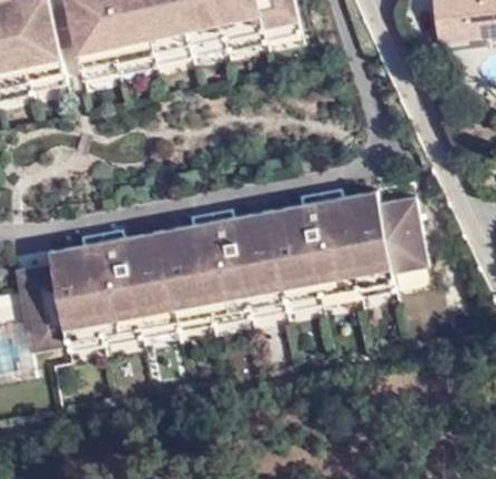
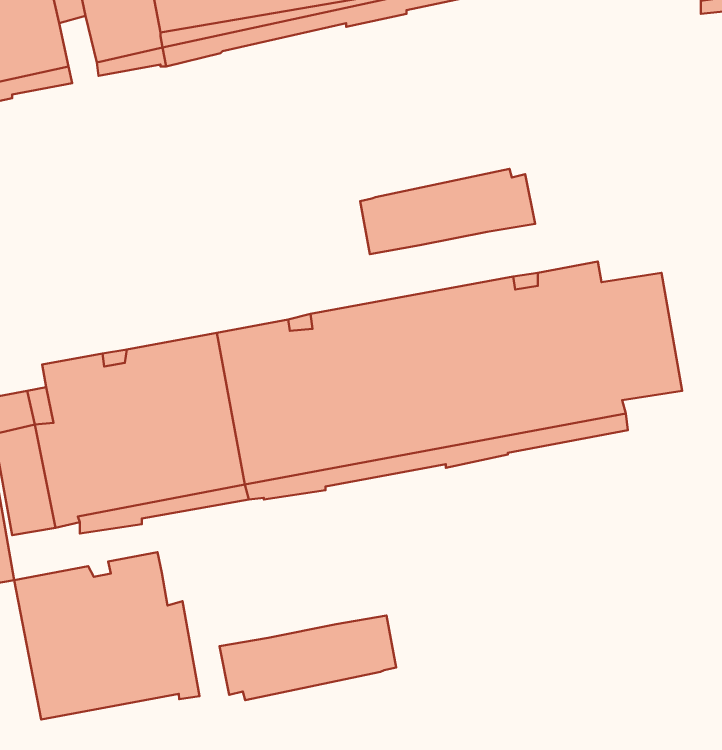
building: none -> [360,169,535,254]
building: none -> [14,552,200,720]
building: none -> [219,615,396,700]

